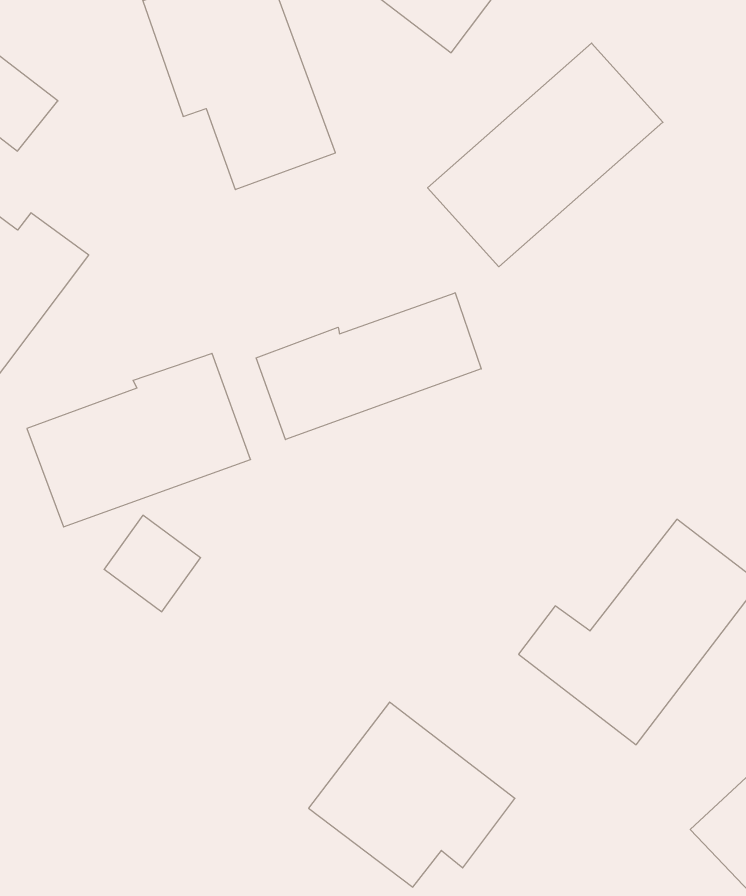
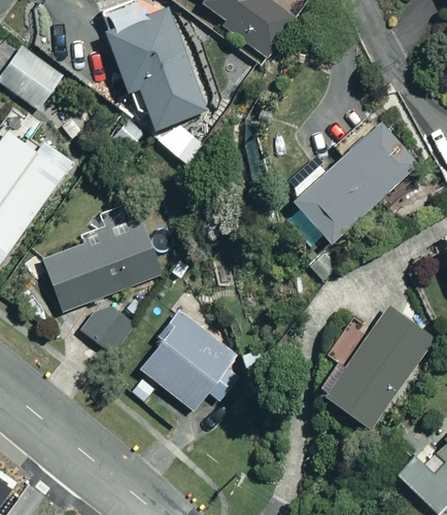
building: [428,43,663,267] -> [291,121,417,240]
building: [256,293,481,440] -> none
building: [309,702,515,887] -> [138,311,248,410]

